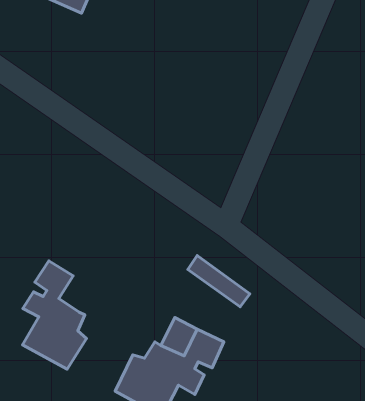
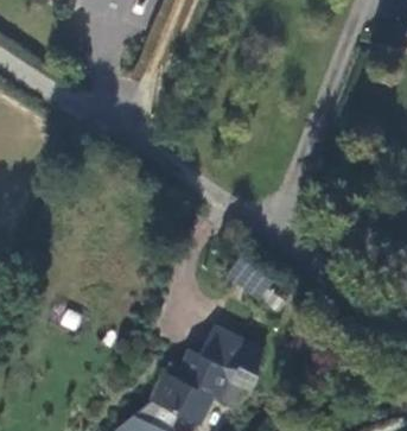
building: [23,261,87,369] -> none

